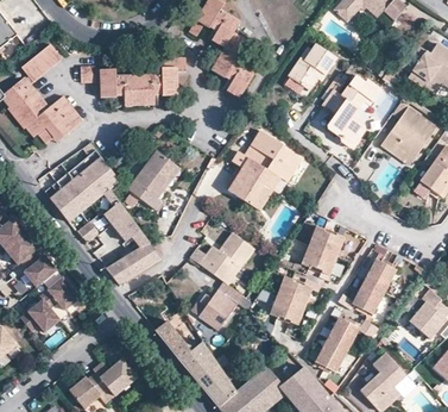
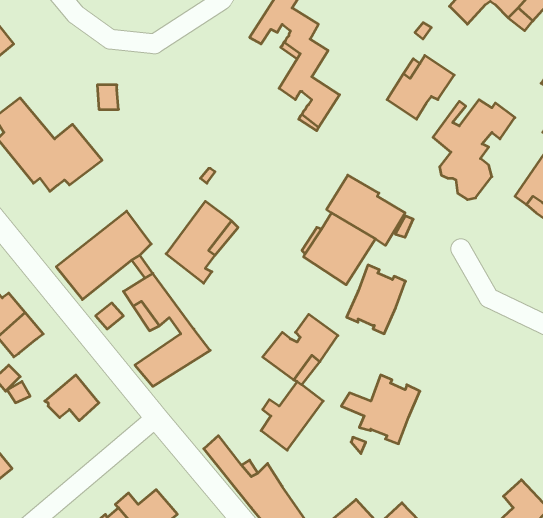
building: [19,42,61,80] -> none
building: [99,57,183,101] -> none
building: [301,226,343,276] -> [347,265,406,334]
building: [21,250,58,286] -> none
building: [353,260,396,314] -> none
building: [20,299,61,331] -> none
building: [316,317,359,372] -> none

